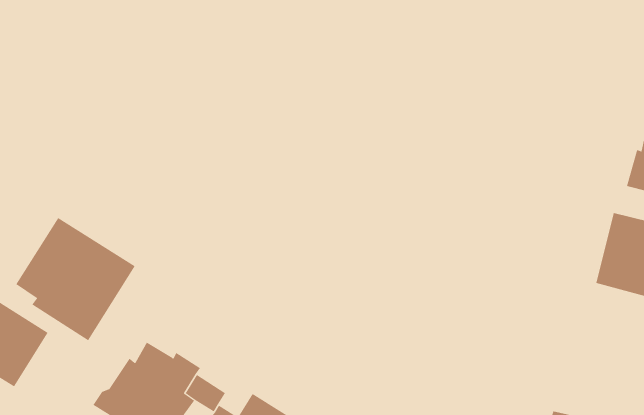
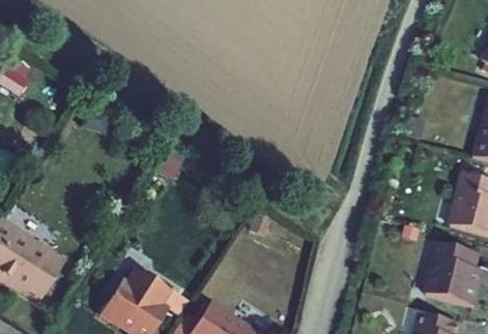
building: [15,217,135,341] -> none
building: none -> [427,244,481,306]

